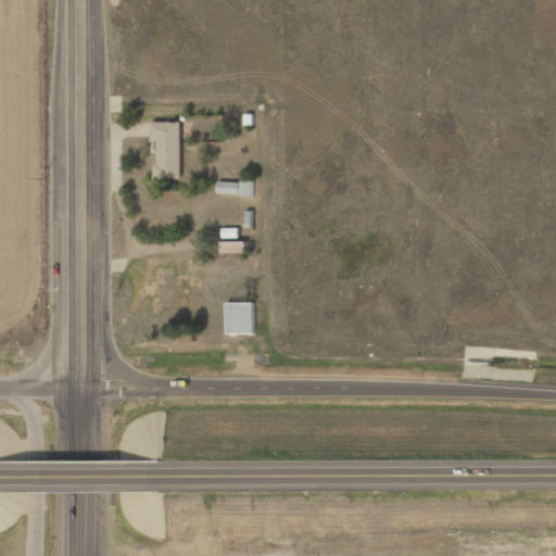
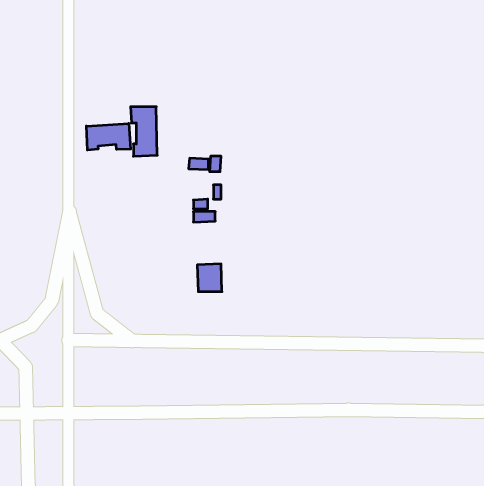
building: none -> [86,123,131,150]

